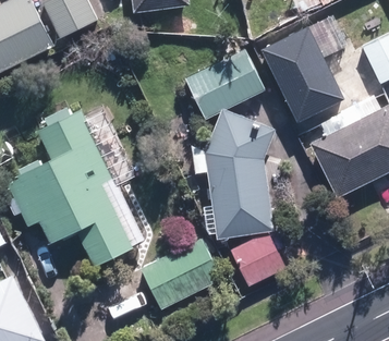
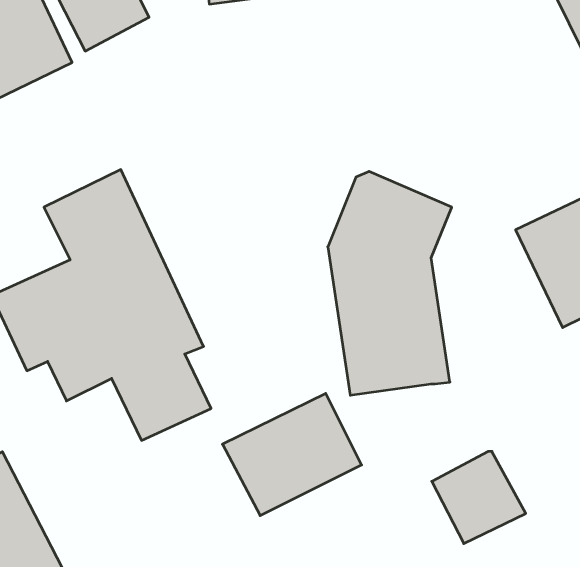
building: [262,29,341,123] -> none
building: [183,49,264,120] -> none
building: [229,232,283,285] -> [432,451,526,544]

